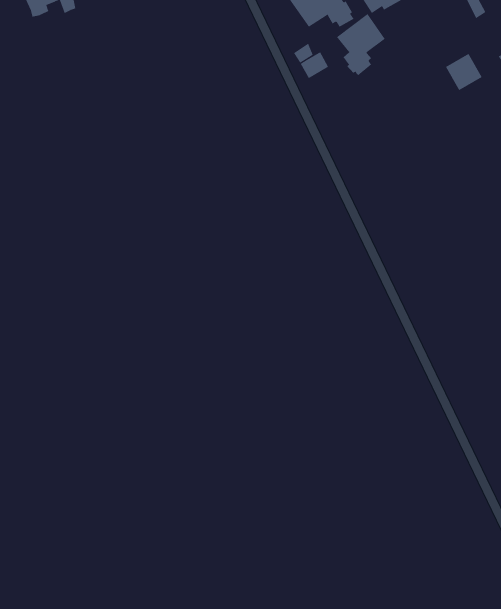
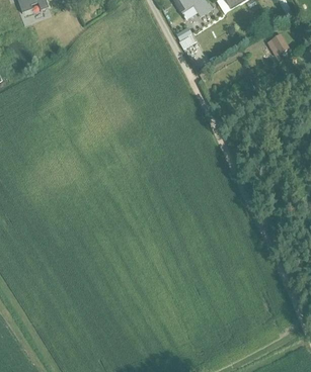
building: [336,13,385,76] -> none

